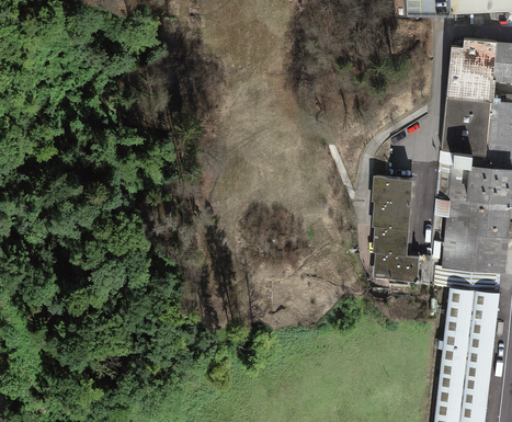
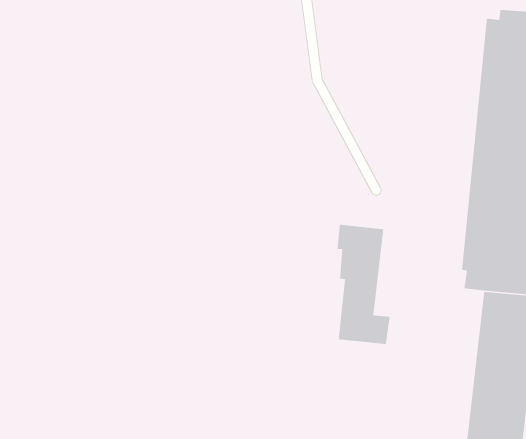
building: [372,173,419,280] -> [337,224,390,345]

